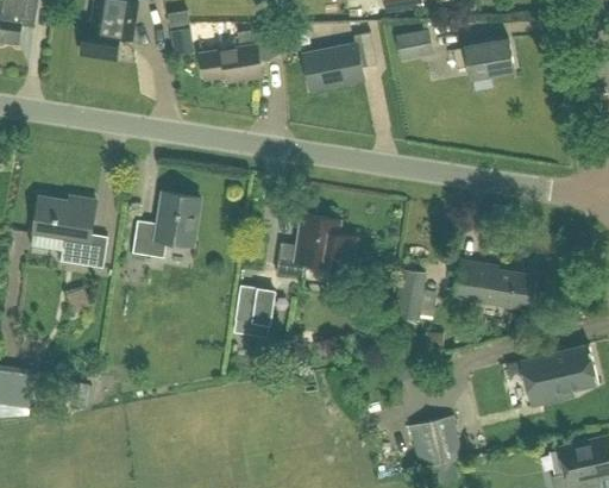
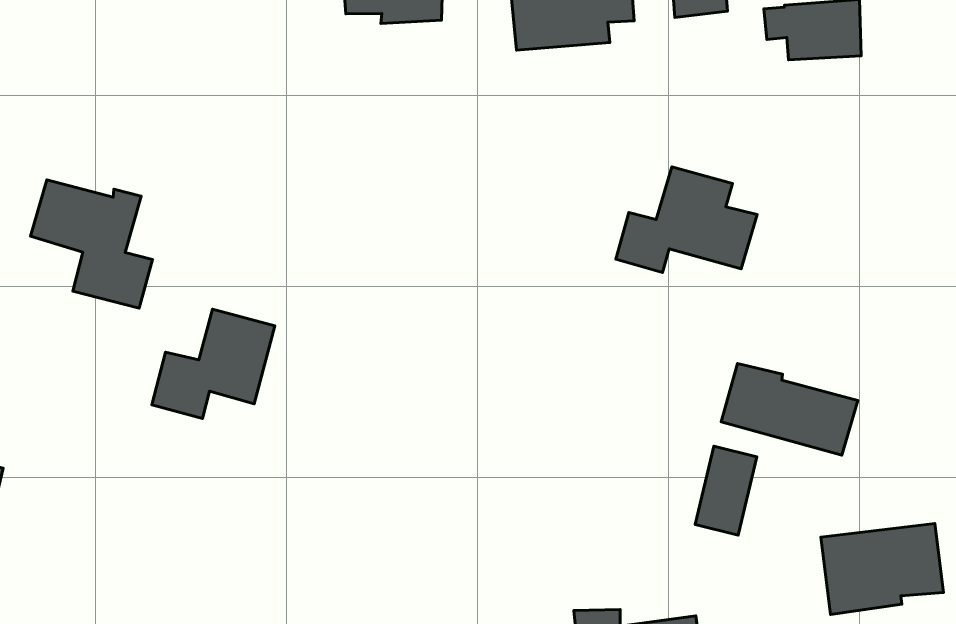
building: [132,193,200,258] -> [152,309,275,418]
building: [276,213,357,276] -> [616,167,757,272]
building: [395,269,427,320] -> [695,446,757,535]
building: [237,286,275,324] -> none

